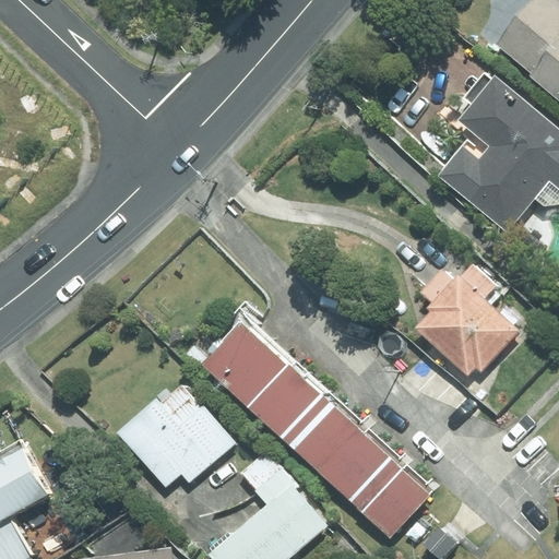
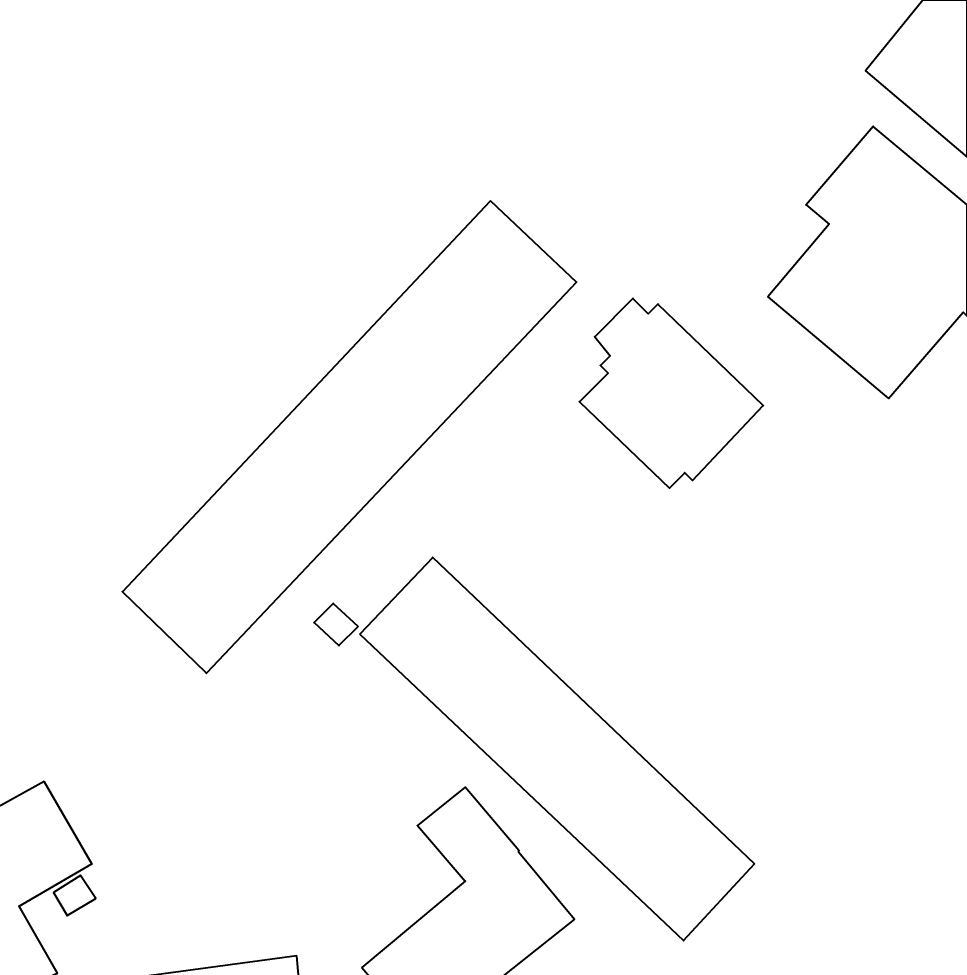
building: none -> [122,201,576,673]
building: [415,269,520,377] -> [579,298,763,488]
building: [117,385,235,488] -> none

